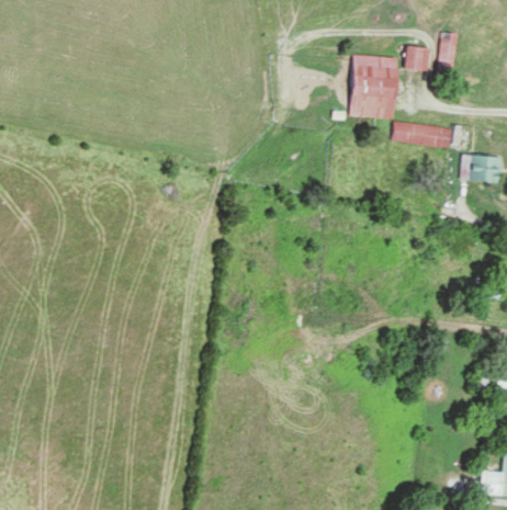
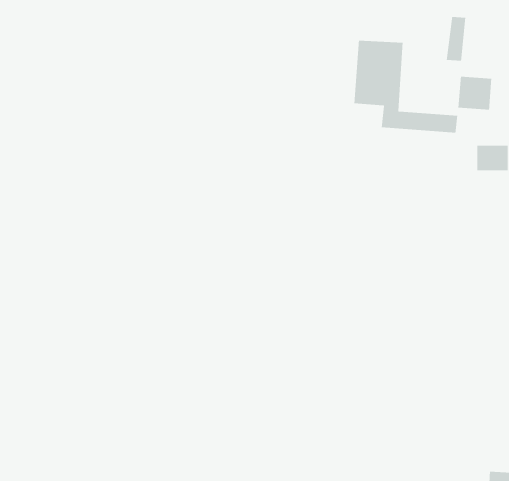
building: [405,46,431,71] -> none
building: none -> [458,76,492,111]

